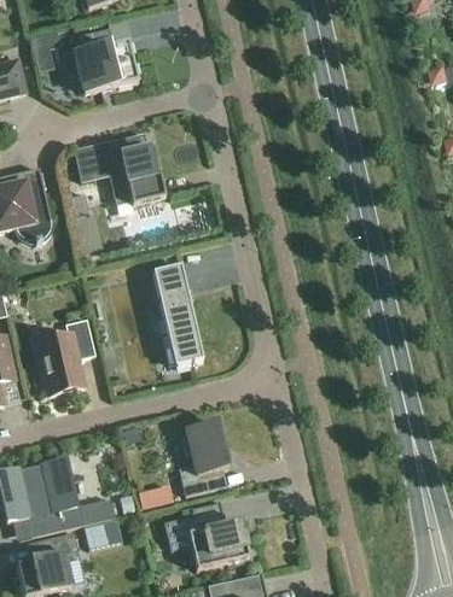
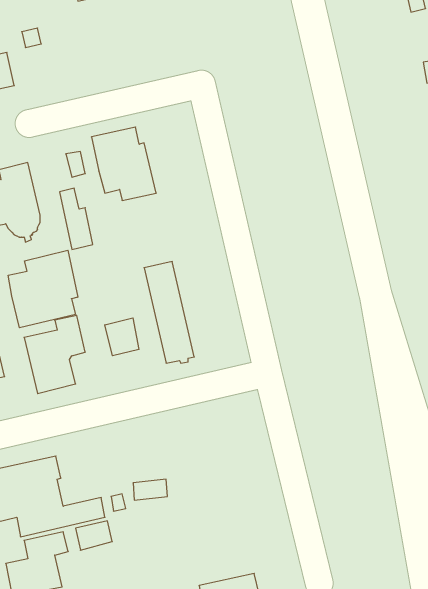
building: [69,27,137,93] -> none
building: none -> [8,250,78,328]
building: none -> [105,318,139,356]
building: [178,421,227,494] -> none
building: [163,501,248,569] -> none

